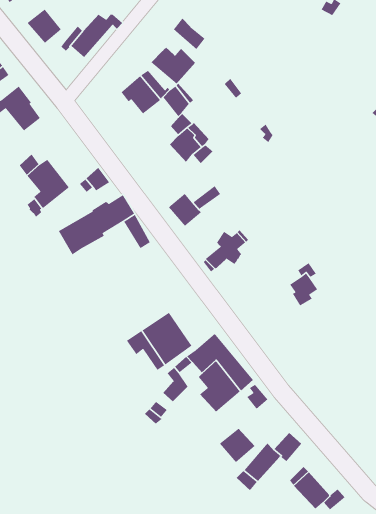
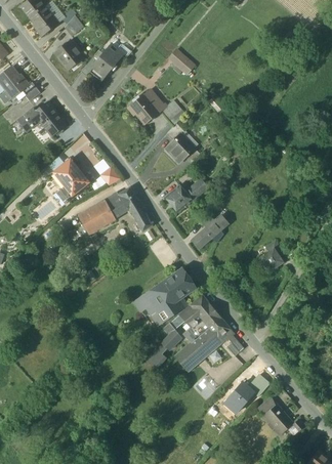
building: [150,47,196,85] -> none
building: none -> [166,267,197,299]
building: [219,428,255,463] -> [174,343,203,371]

